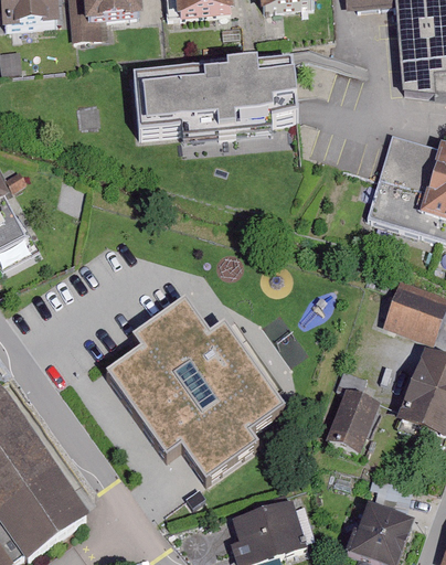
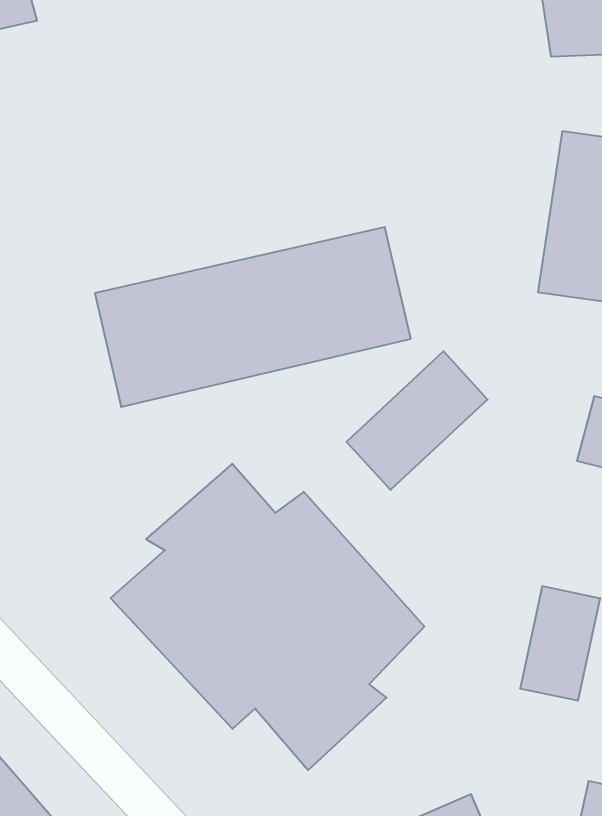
building: [131,58,307,141] -> [95,227,411,407]
building: none -> [346,351,488,490]

